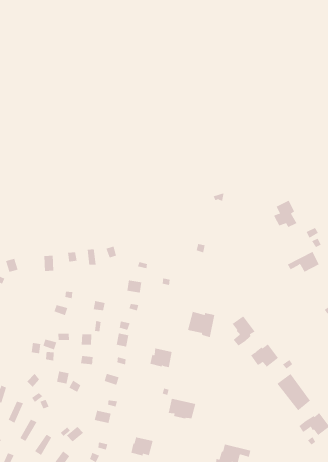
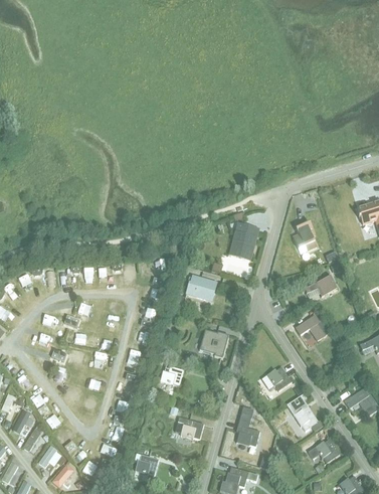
building: none -> [228,221,259,260]
building: none -> [186,275,216,300]
building: none -> [295,314,330,340]
building: [232,315,255,346] -> none
building: none -> [236,405,259,446]

